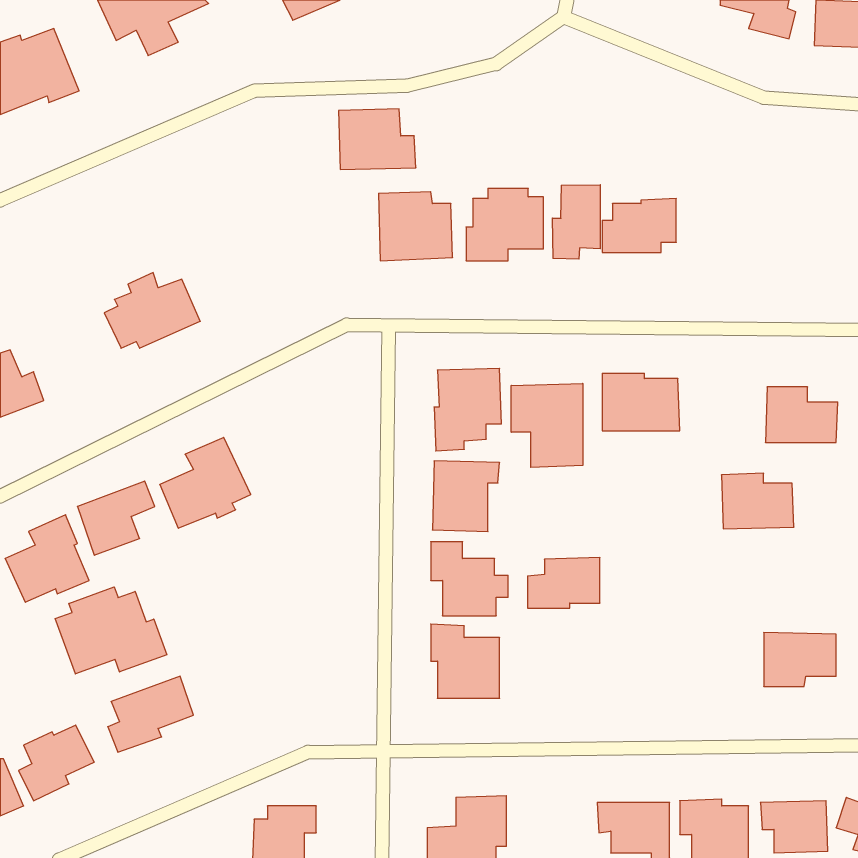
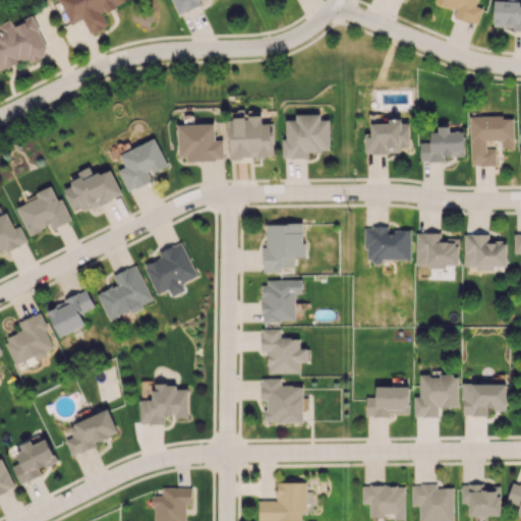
building: [339,109,416,169] -> [178,124,225,161]
building: [552,185,600,259] -> none
building: none -> [471,117,515,167]
building: none -> [420,126,465,162]
building: none -> [119,139,168,193]
building: none -> [17,186,72,236]
building: [511,383,583,467] -> none
building: none -> [144,242,197,297]
building: [721,473,794,529] -> [416,233,460,267]
building: [528,558,600,608] -> [366,387,410,417]
building: [55,587,167,674] -> none
building: none -> [414,375,459,417]
building: none -> [140,385,188,424]

